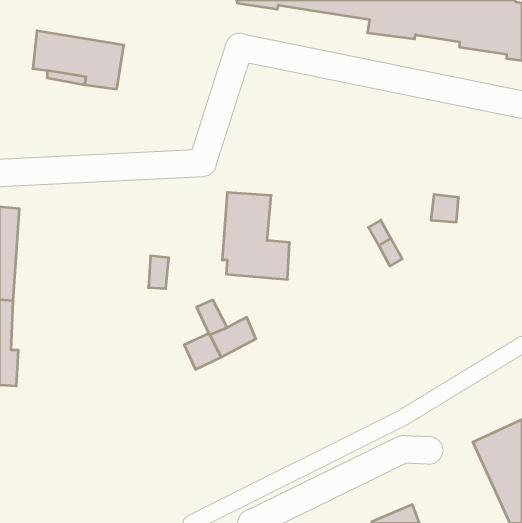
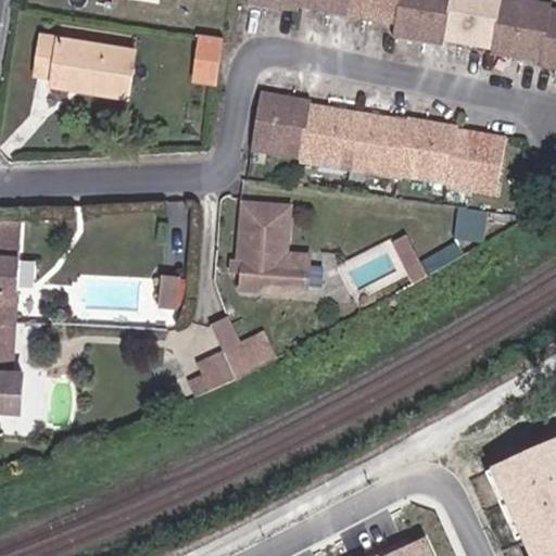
building: none -> [193,33,220,81]
building: none -> [250,90,505,192]

